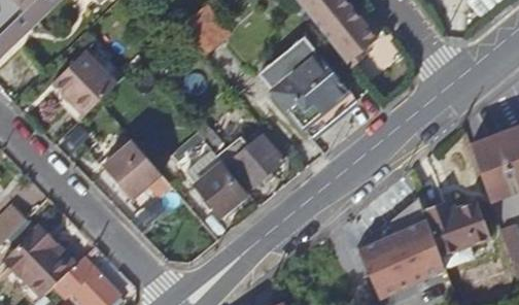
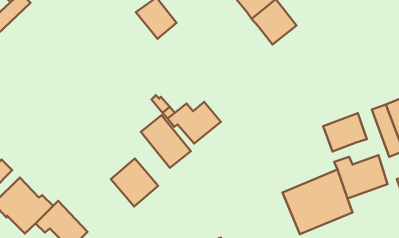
building: [246,21,356,137] -> none
building: [50,52,116,117] -> none
building: [103,141,162,201] -> [111,158,158,207]
building: none -> [323,113,367,151]

